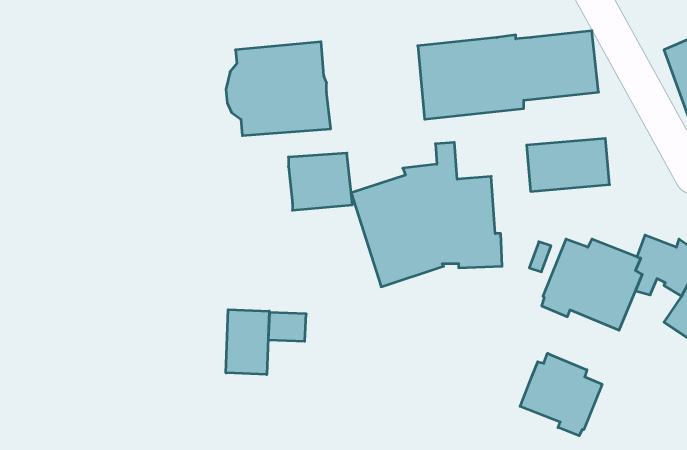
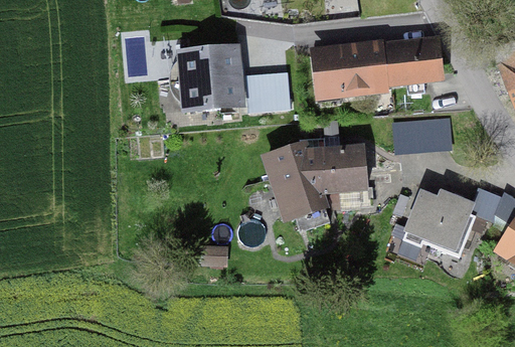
building: [288,153,352,210] -> [243,70,291,113]
building: [226,310,269,375] -> none
building: [520,353,602,436] -> none

